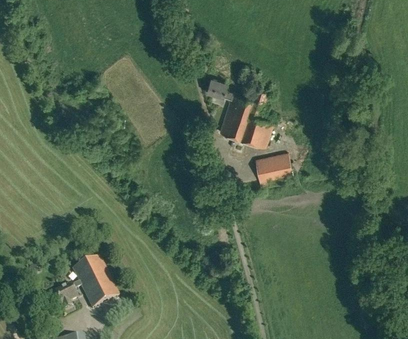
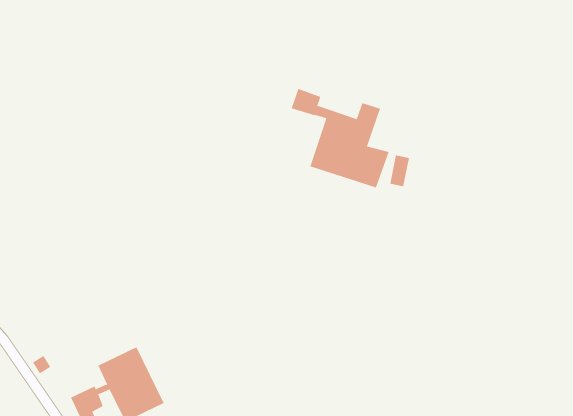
building: [255,154,292,187] -> none

